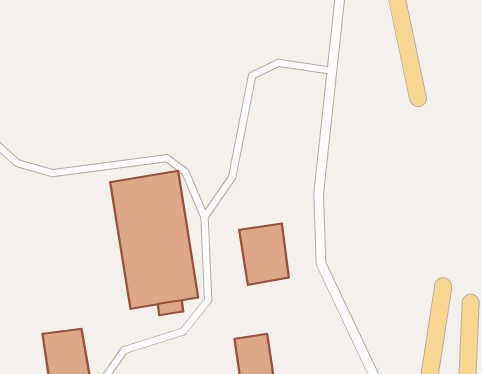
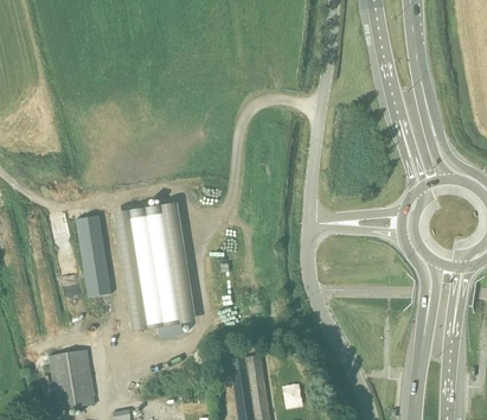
building: none -> [76,215,113,297]
building: [239,224,289,285] -> none

